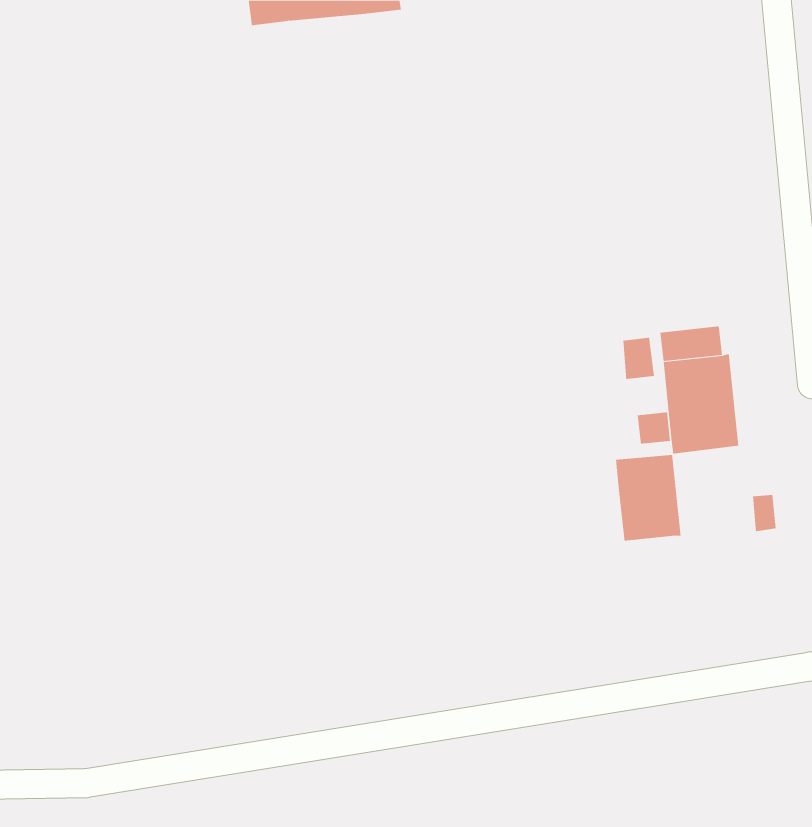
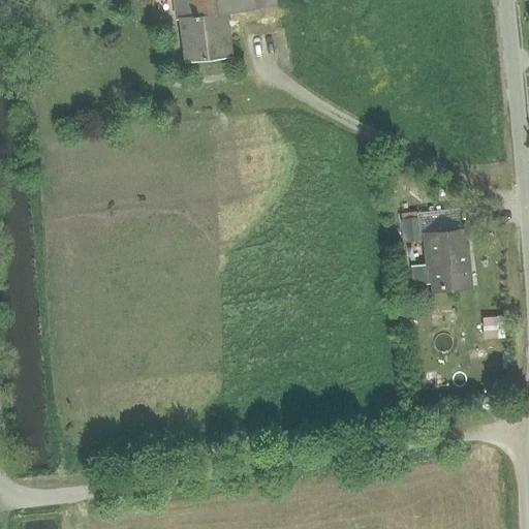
building: none -> [184,10,236,61]
building: [616,454,681,542] -> none

